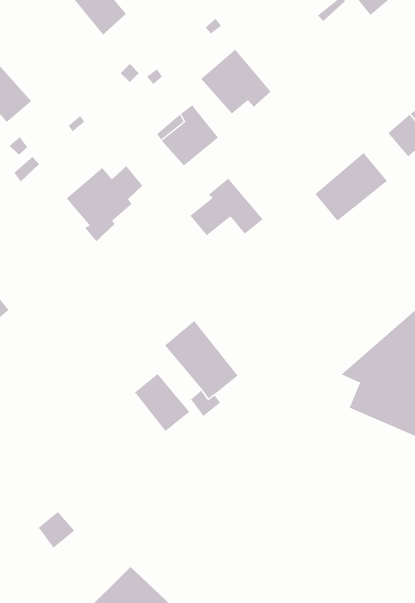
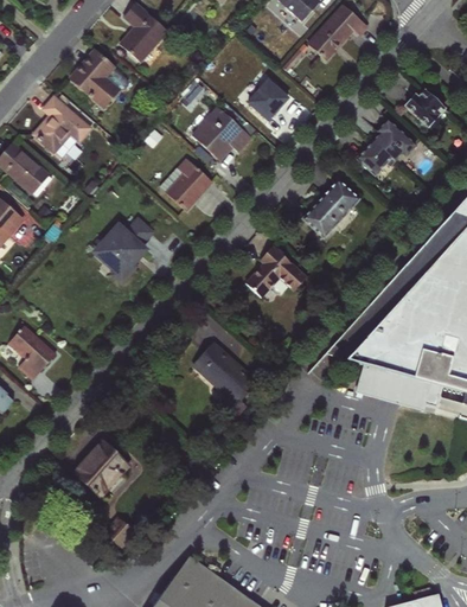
building: none -> [31,94,92,156]
building: none -> [243,75,293,121]
building: [190,178,263,236] -> [245,244,308,296]
building: [134,373,190,432] -> none
building: none -> [72,439,132,499]

